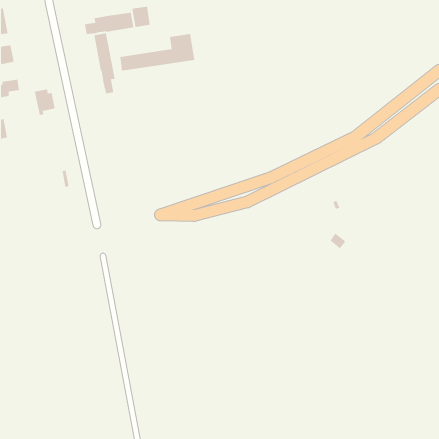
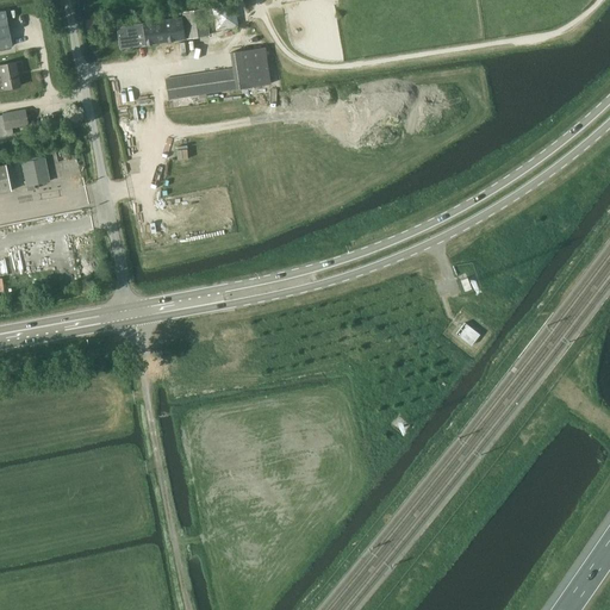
building: [94,32,115,94] -> none
building: [34,89,55,115] -> [20,154,50,191]

